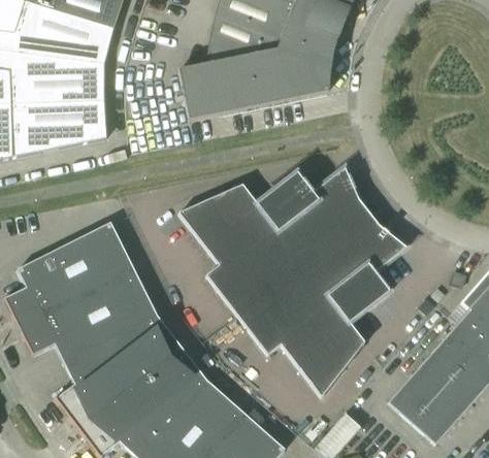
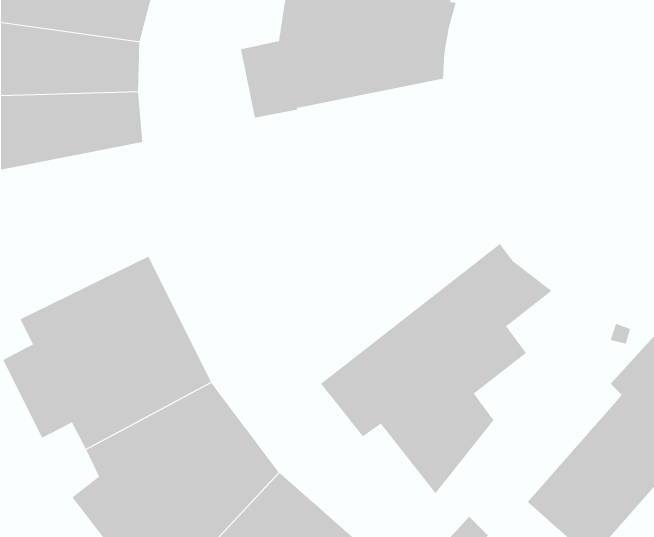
building: [178,166,369,315] -> none

